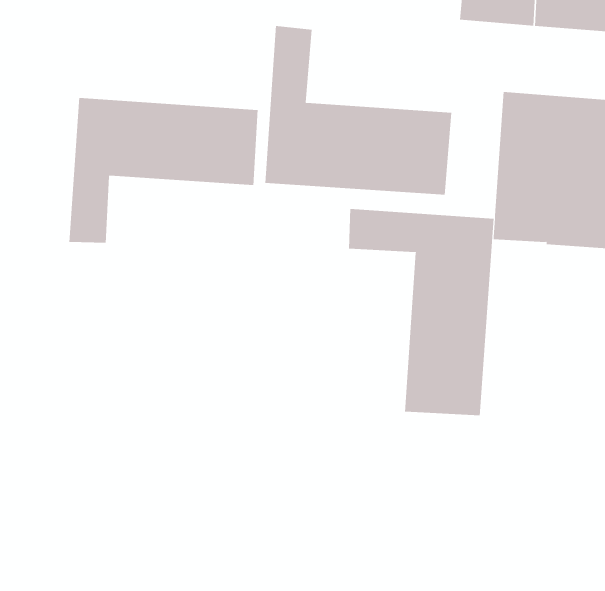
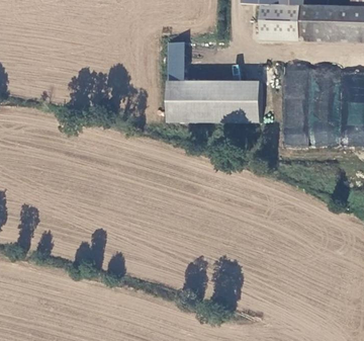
building: [69,97,258,244] -> none
building: [349,208,494,416] -> none

